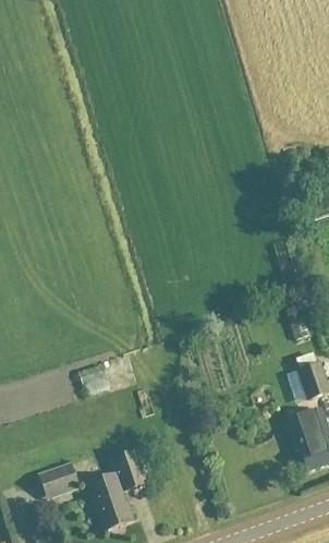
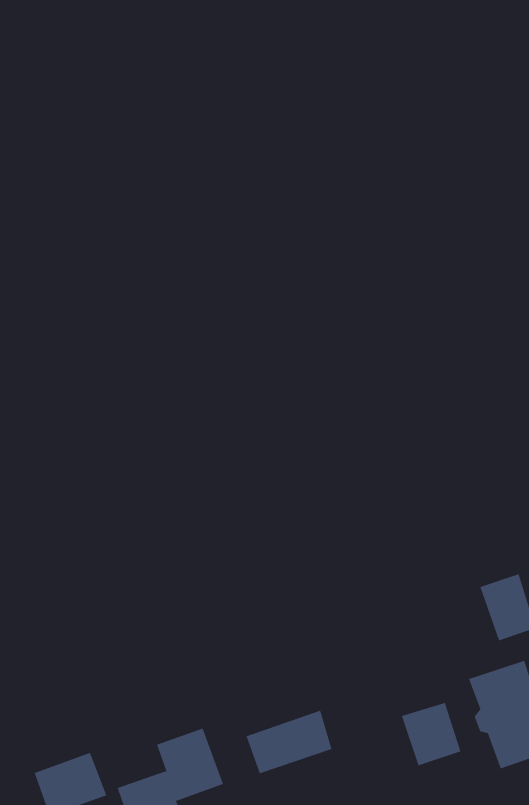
building: none -> [401,702,461,766]
building: none -> [246,710,332,774]

